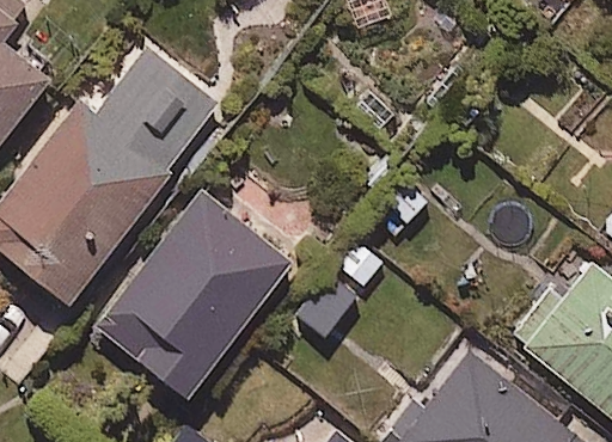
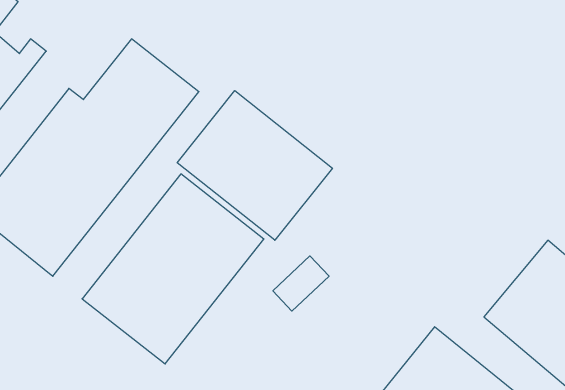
building: none -> [177,91,332,240]

